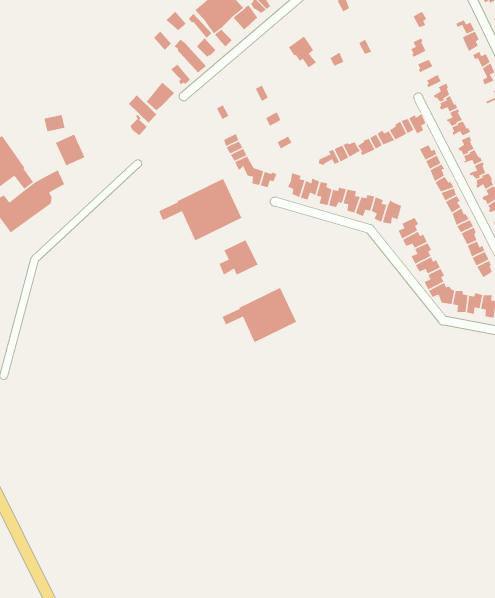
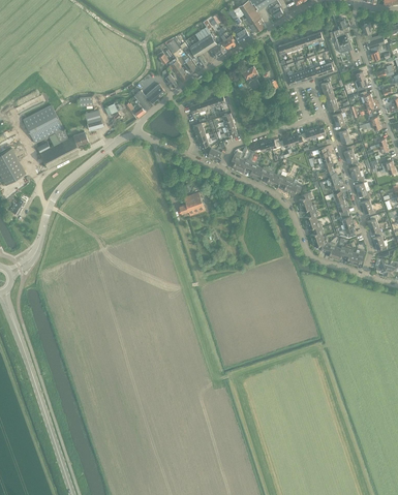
building: [158,178,242,241] -> none
building: [222,287,297,343] -> none

